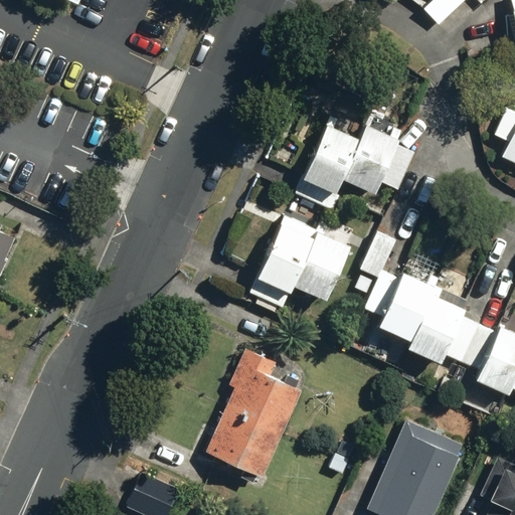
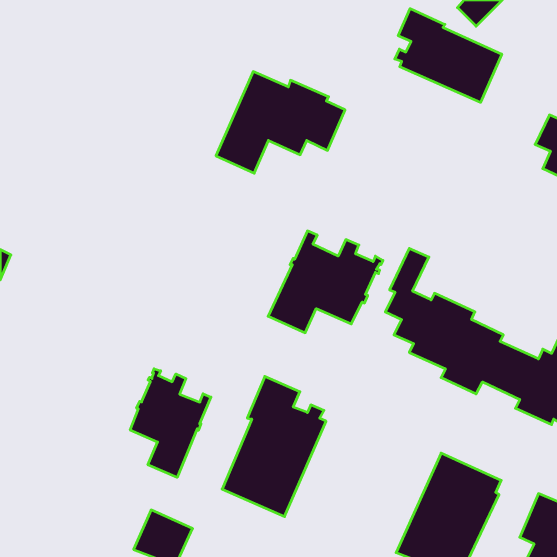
building: none -> [395,9,502,102]
building: [296,117,414,210] -> [216,72,345,173]
building: none -> [130,369,211,477]

